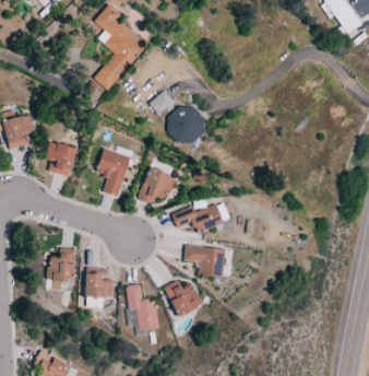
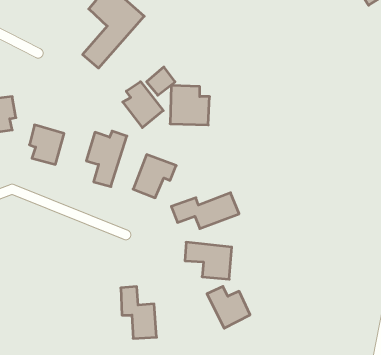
building: none -> [123,82,163,128]
building: [47,248,74,289] -> none
building: [85,268,114,297] -> none
building: [164,280,202,317] -> [207,286,250,328]

